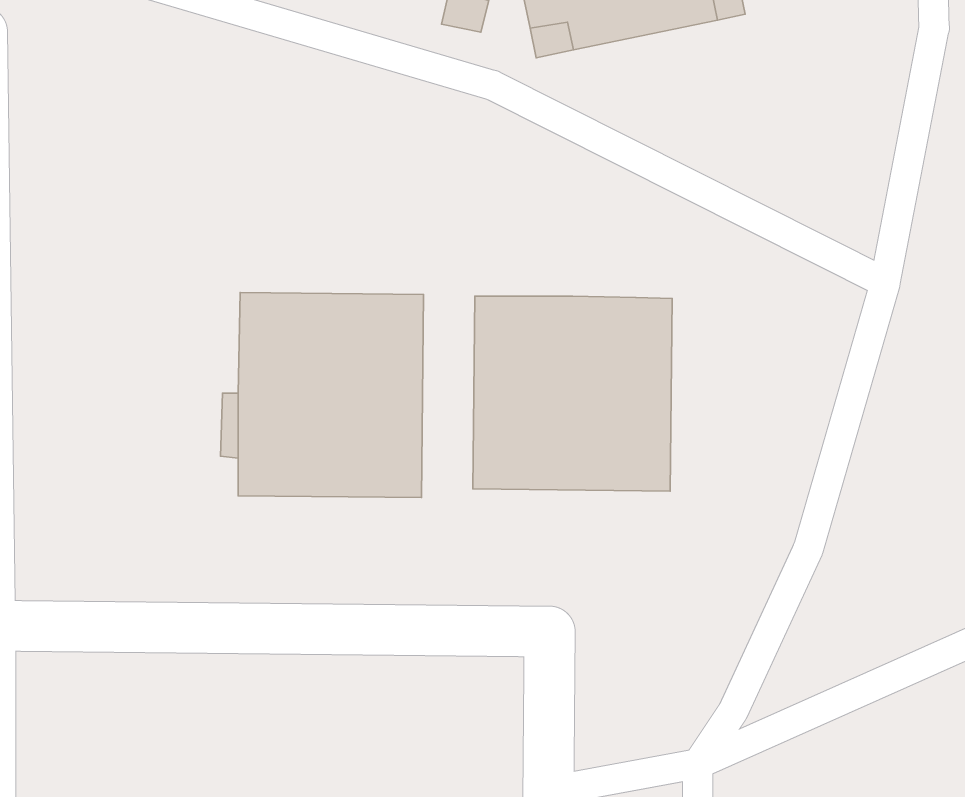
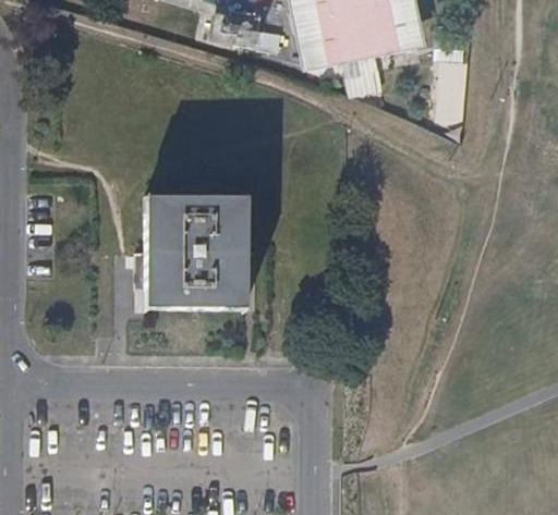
building: [473,296,672,491] -> none

